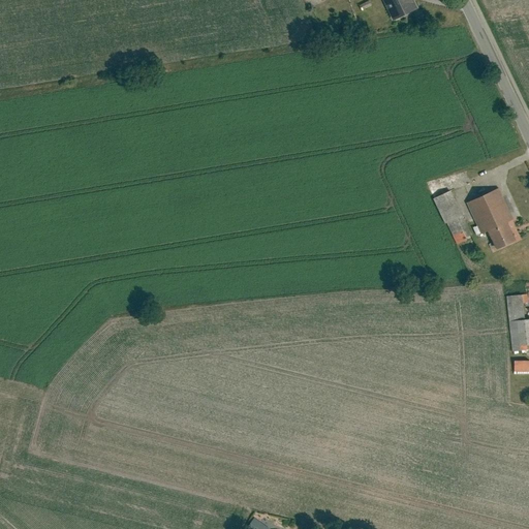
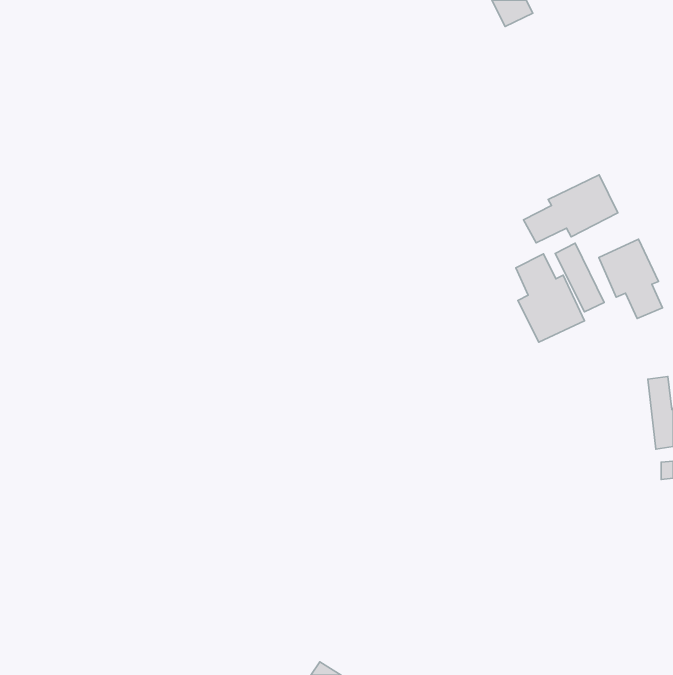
building: none -> [523,175,618,243]
building: none -> [516,254,584,342]

